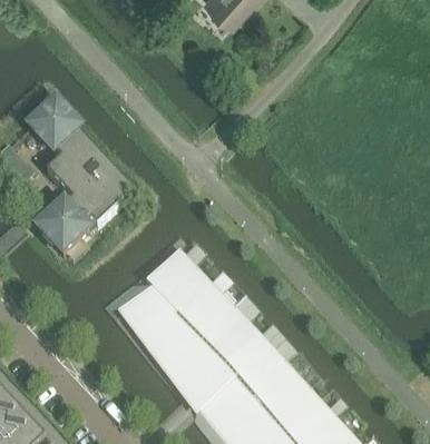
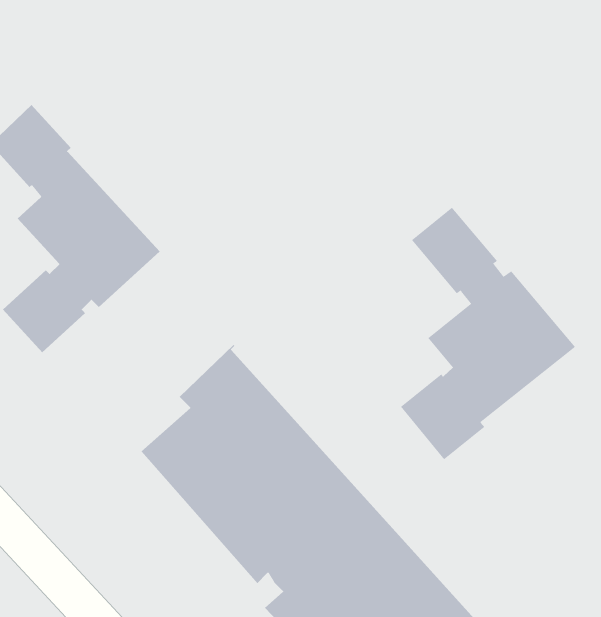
building: none -> [400,207,576,460]

